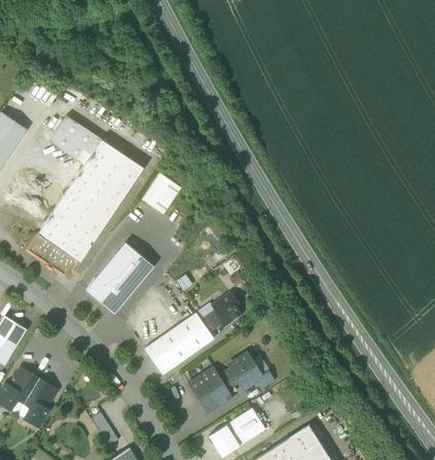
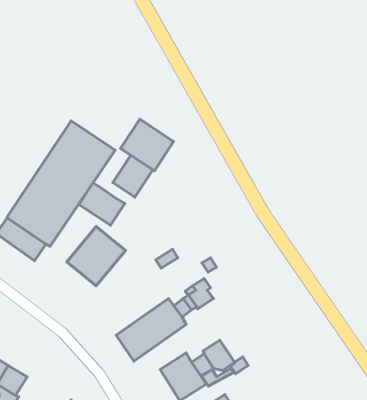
building: [49,115,102,165] -> none
building: none -> [121,119,174,171]
building: none -> [79,183,125,225]
building: [86,277,125,313] -> none

